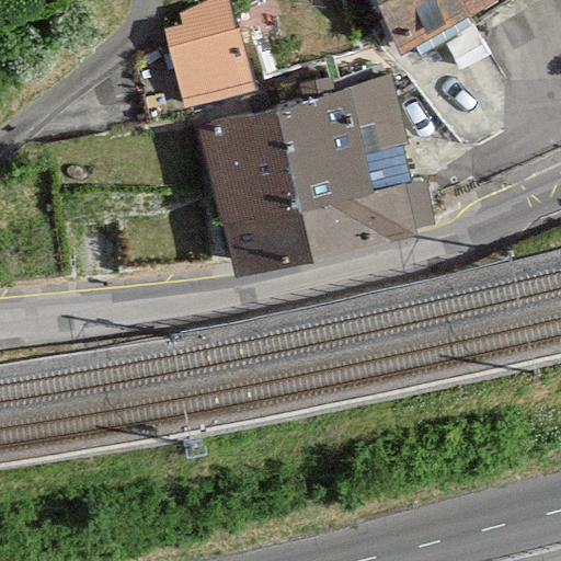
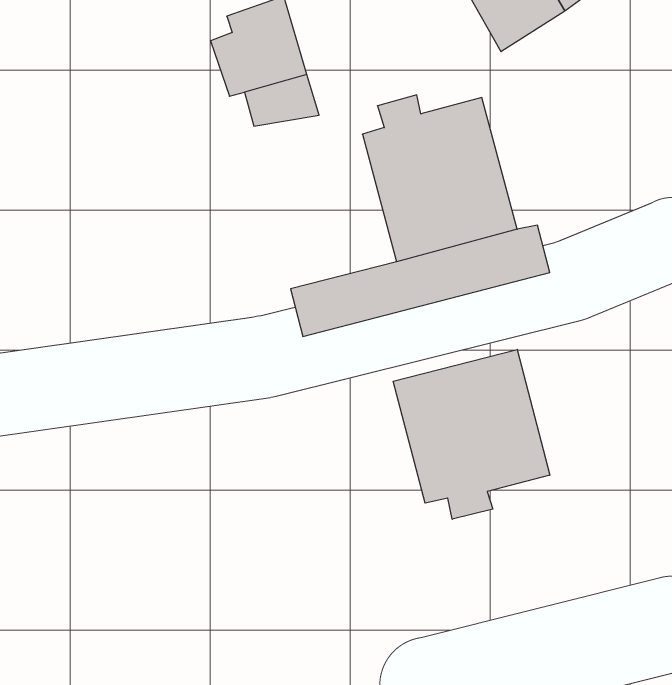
building: [205,108,320,237] -> none
building: none -> [393,349,550,519]

